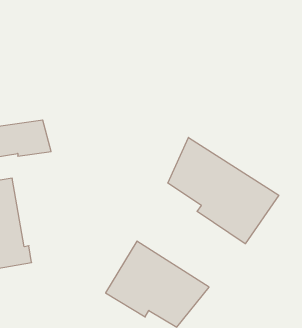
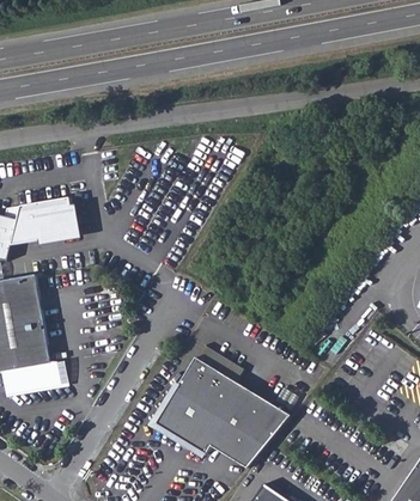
building: [168,137,279,244] -> none

